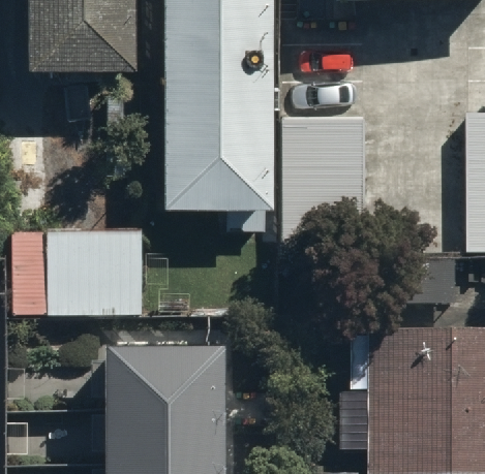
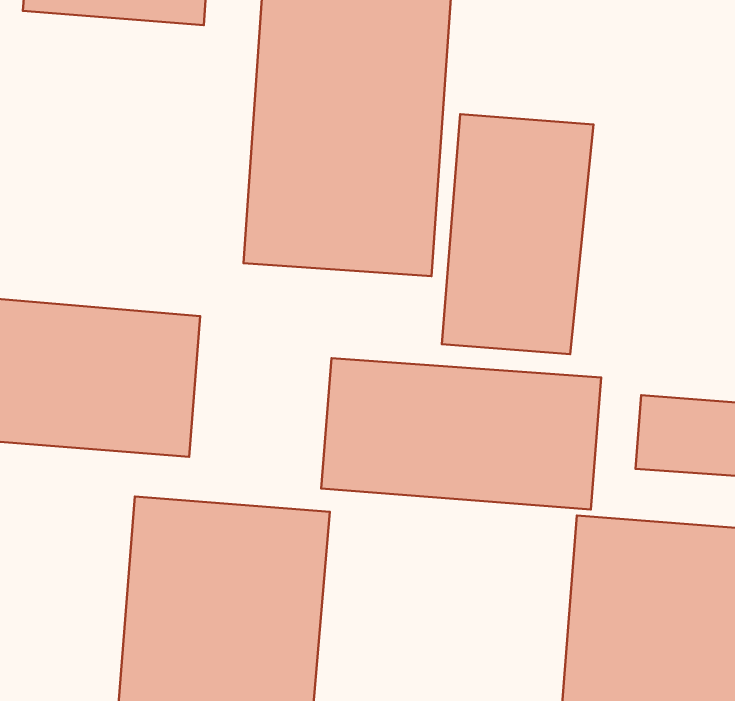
building: none -> [321,358,601,510]

